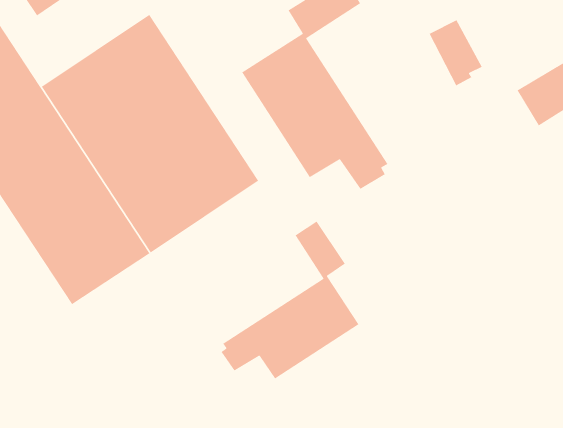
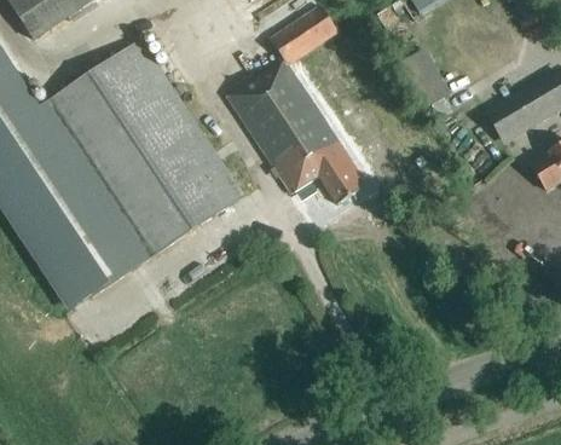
building: [221,220,360,379] -> none

